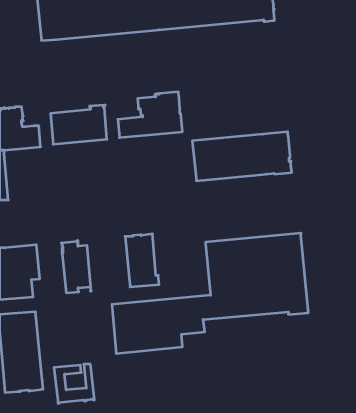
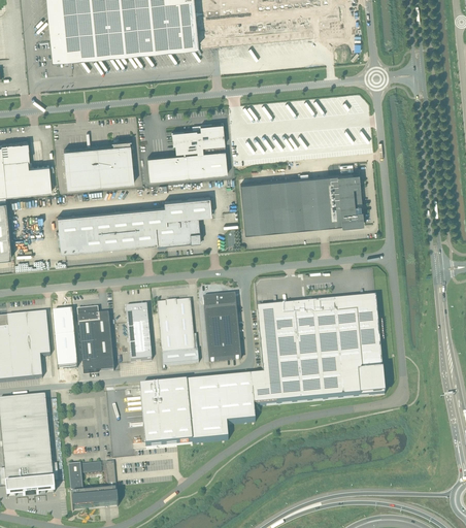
building: none -> [58,197,211,253]
building: none -> [203,296,241,362]
building: none -> [126,306,152,363]
building: none -> [53,311,78,370]

